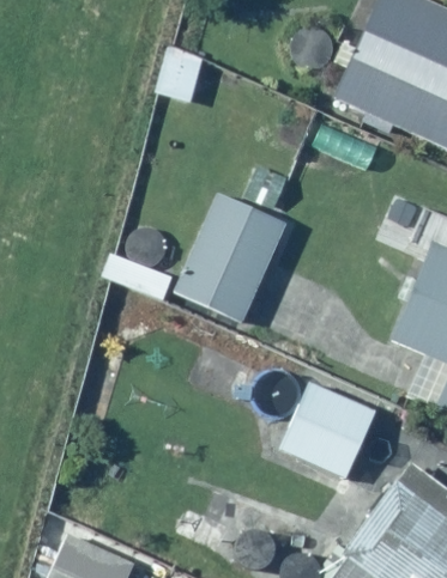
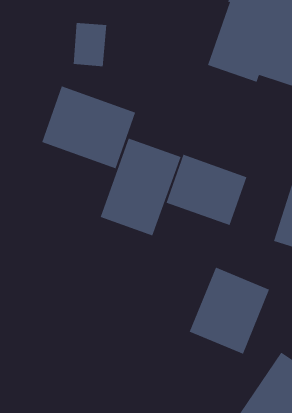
building: none -> [41,85,136,169]
building: none -> [166,154,247,226]

